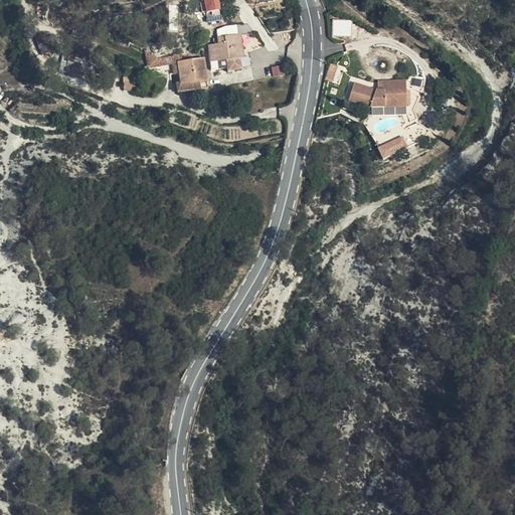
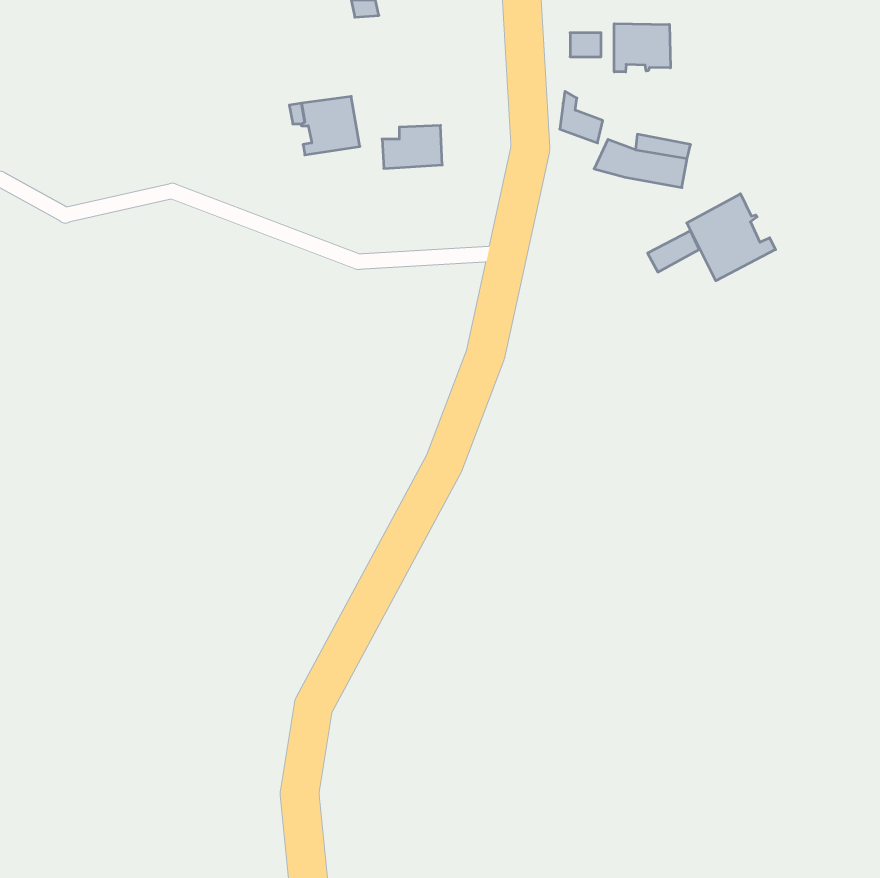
building: none -> [614,24,670,72]
building: [208,35,243,60] -> [382,125,442,168]
building: none -> [687,194,776,281]

